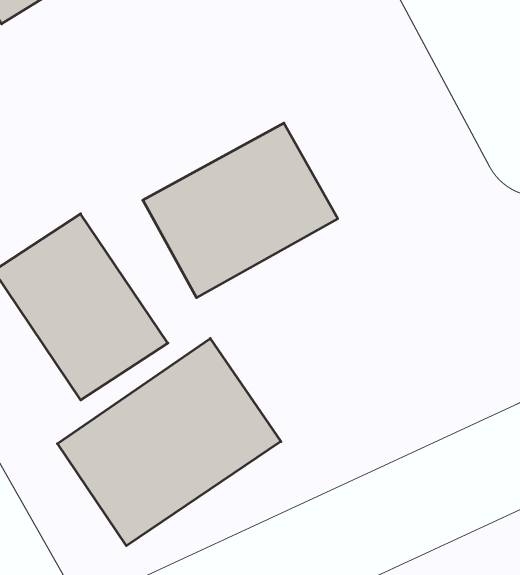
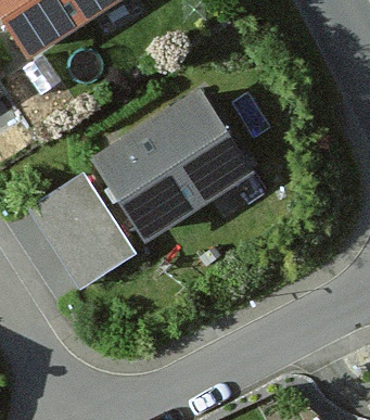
building: [57,338,281,546] -> none

